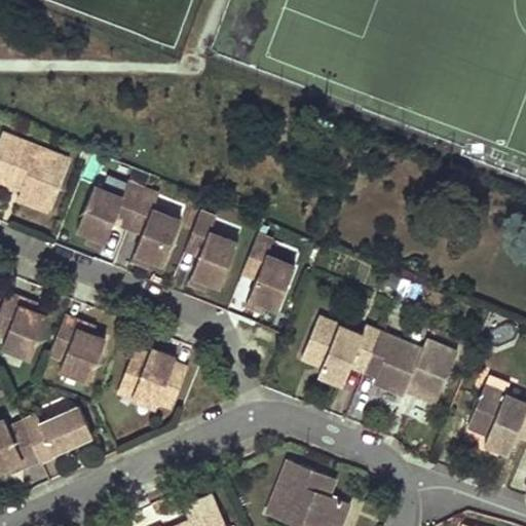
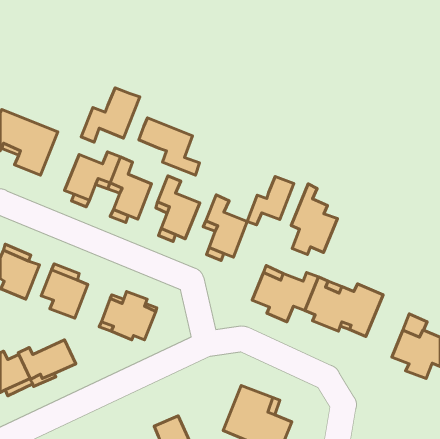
building: none -> [81,88,140,142]
building: none -> [139,118,199,175]
building: none -> [247,176,294,225]
building: none -> [291,184,338,254]

